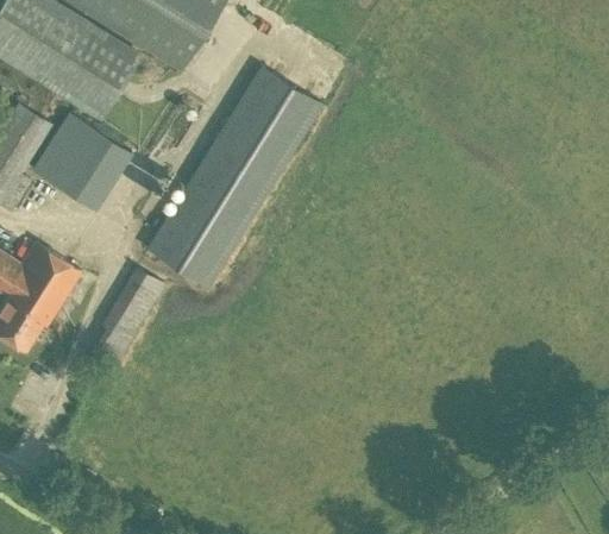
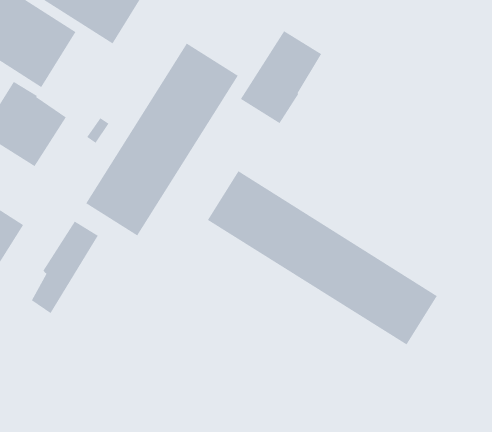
building: none -> [240,30,322,124]
building: none -> [207,170,438,346]

